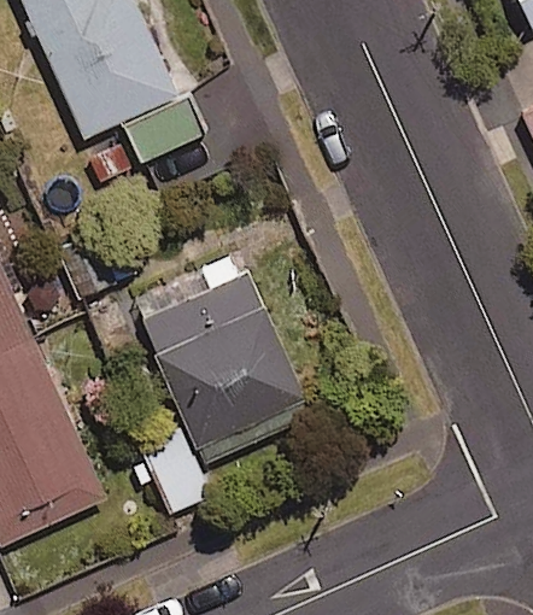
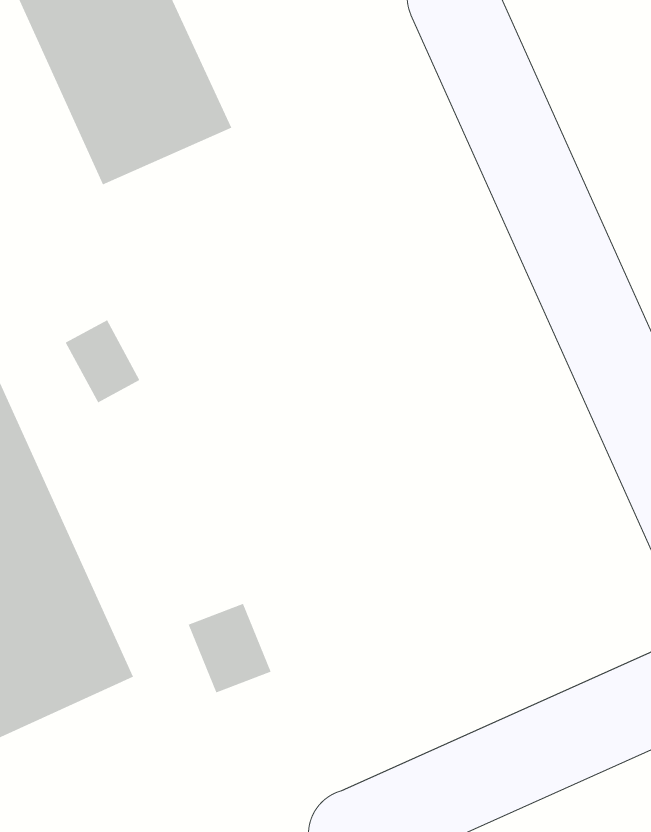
building: [140,271,305,447] -> none

